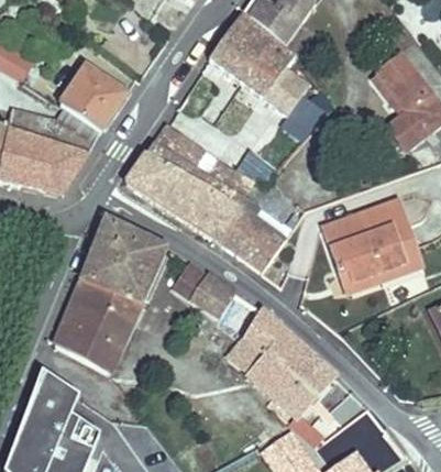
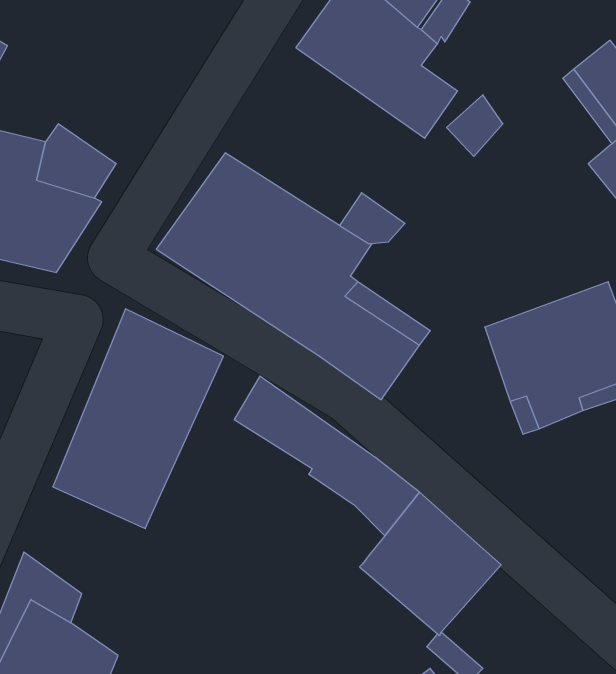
building: [57,62,129,132] -> none
building: [54,326,117,372] -> none

